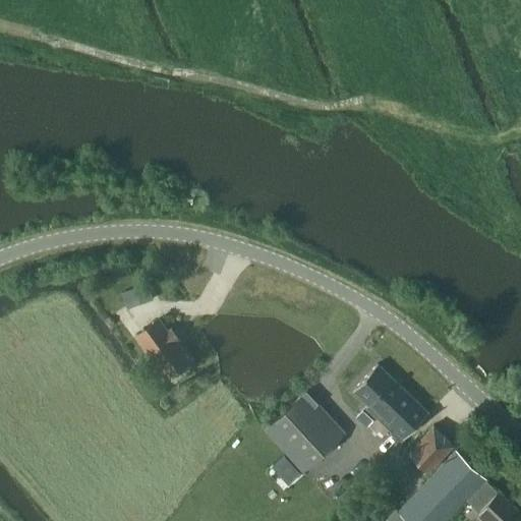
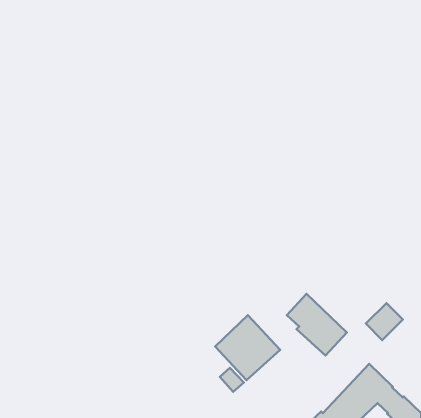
building: [138,323,189,379] -> none
building: [408,427,454,473] -> [366,303,403,340]

